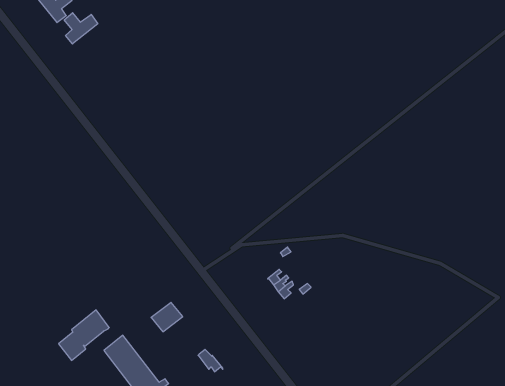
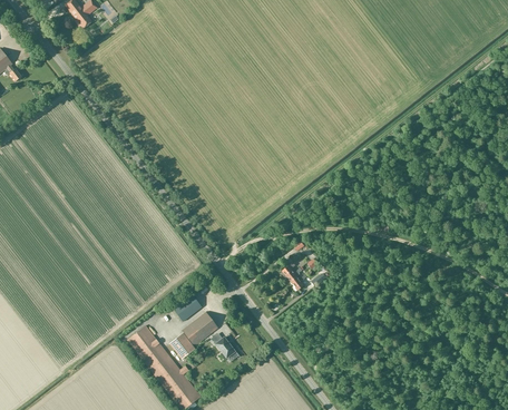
building: [64,13,98,44] -> none
building: [59,310,109,360] -> [169,311,217,359]

